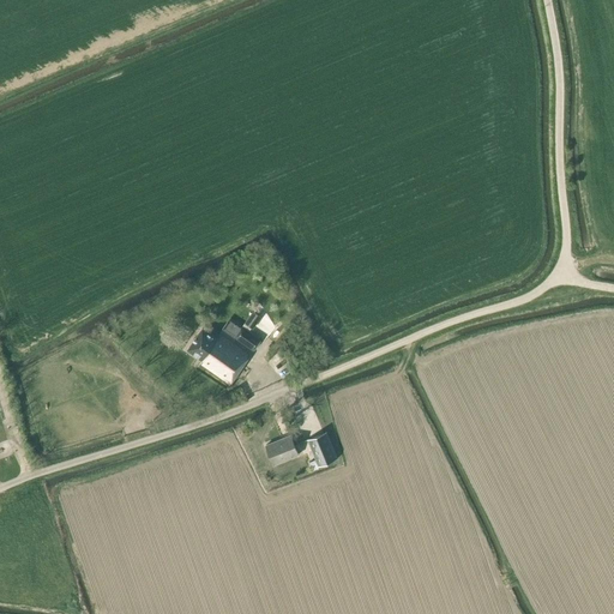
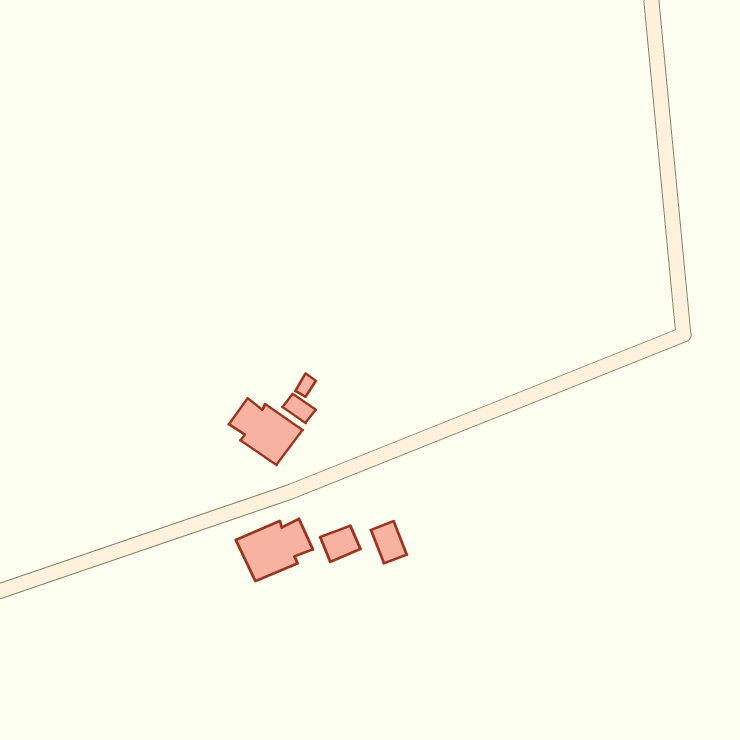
building: none -> [236,519,313,581]

